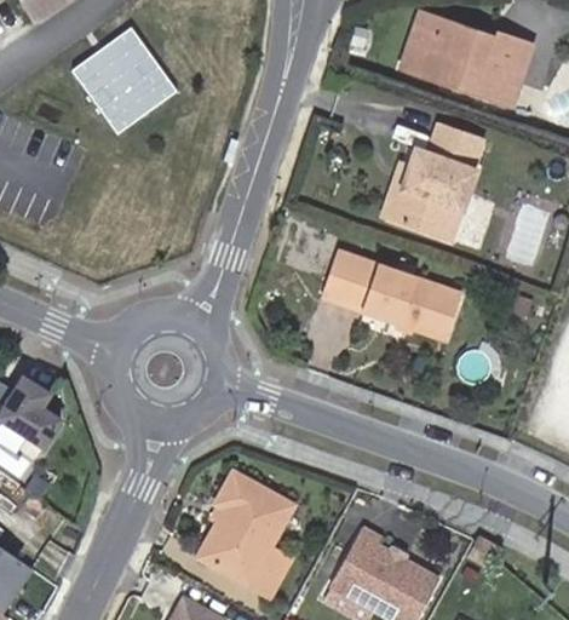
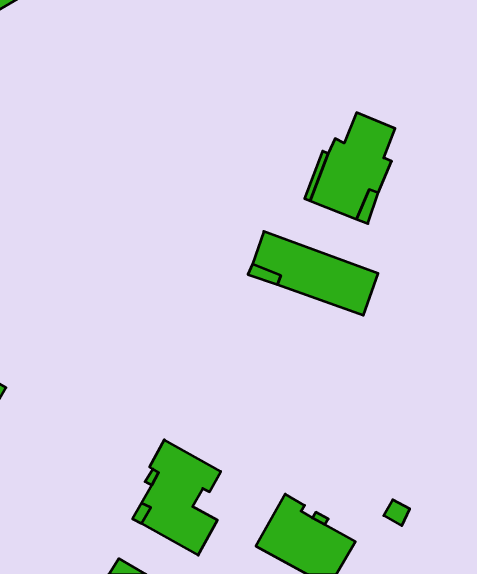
building: [402,10,531,104] -> none
building: [68,30,172,134] -> none

